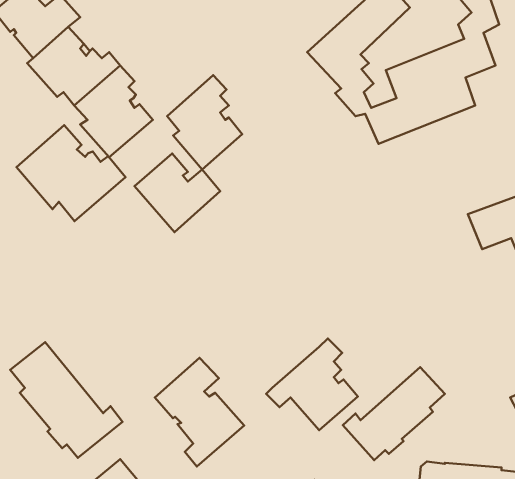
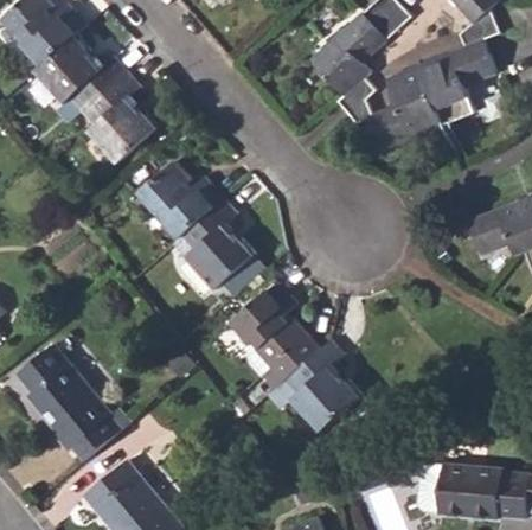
building: [167,75,242,169] -> [178,197,251,289]
building: [17,125,125,221] -> none
building: [155,358,244,466] -> [232,283,320,390]
building: [343,367,445,460] -> none

